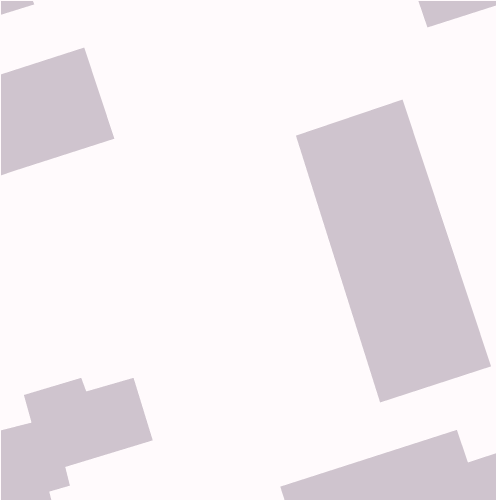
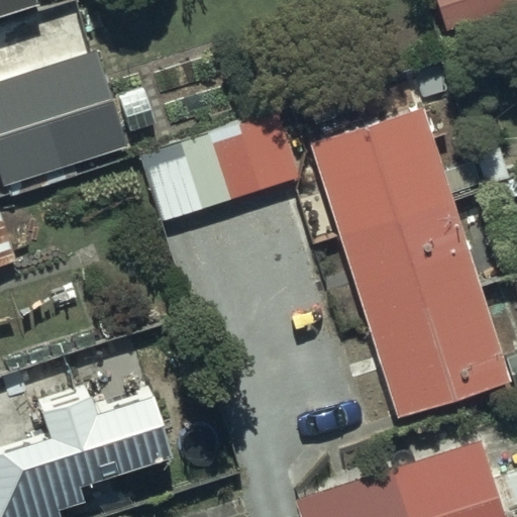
building: none -> [143,112,300,225]

